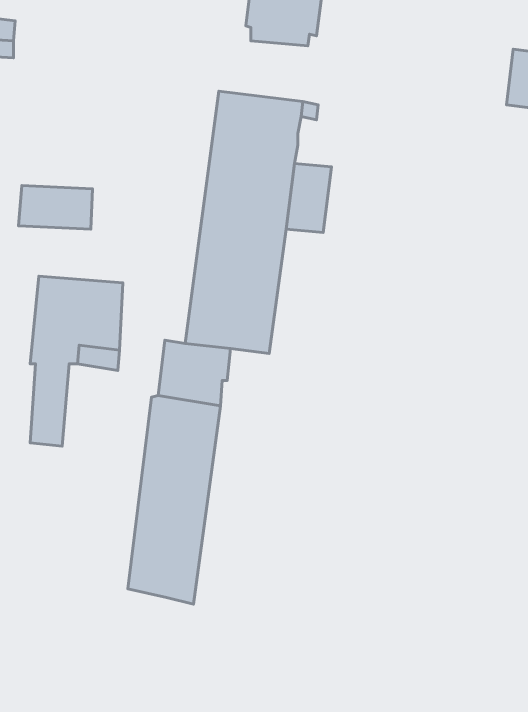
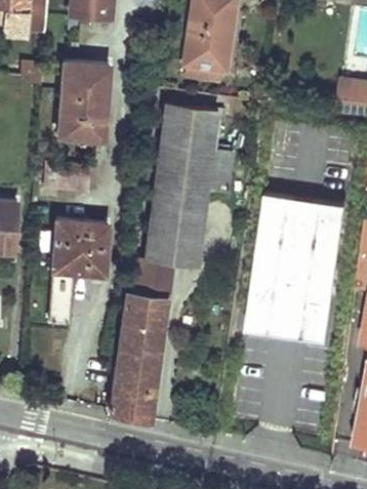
building: none -> [58,63,108,139]
building: none -> [248,193,348,341]

